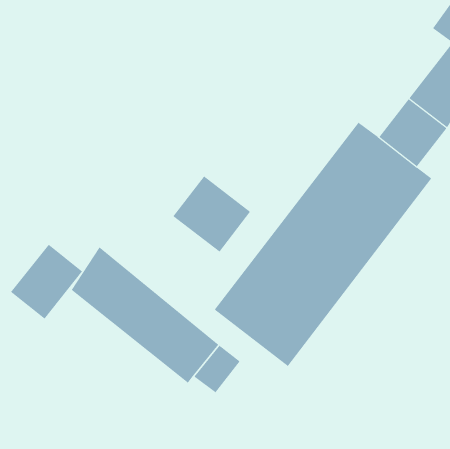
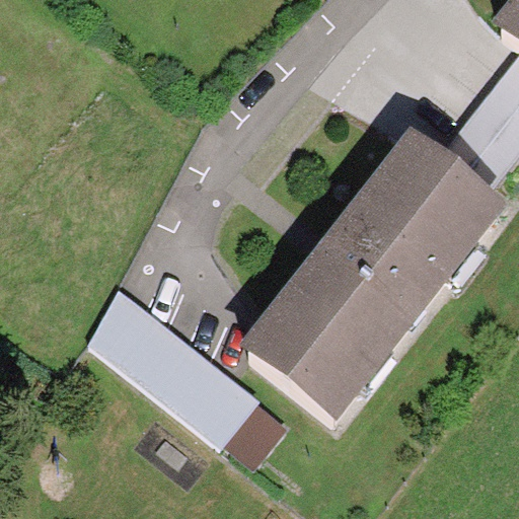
building: [173,176,251,252] -> none
building: [10,244,83,320] -> none

